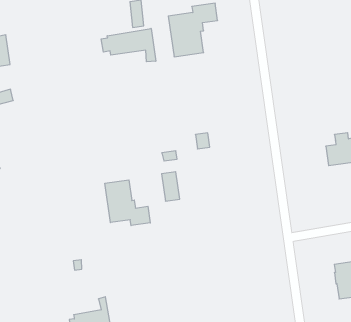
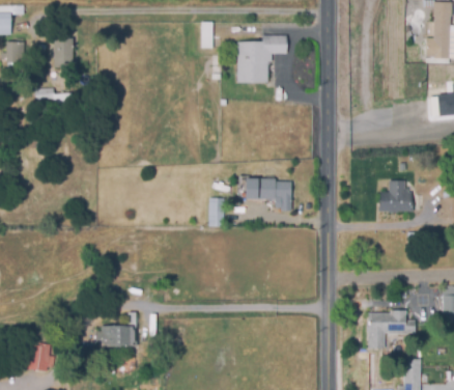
building: [101,28,156,62] -> none
building: none -> [246,182,291,212]
building: [105,180,150,226] -> none

